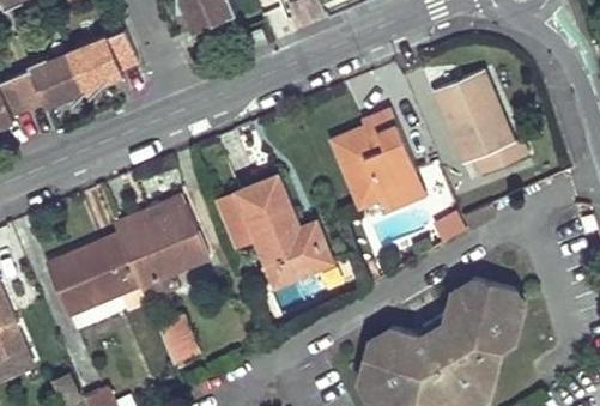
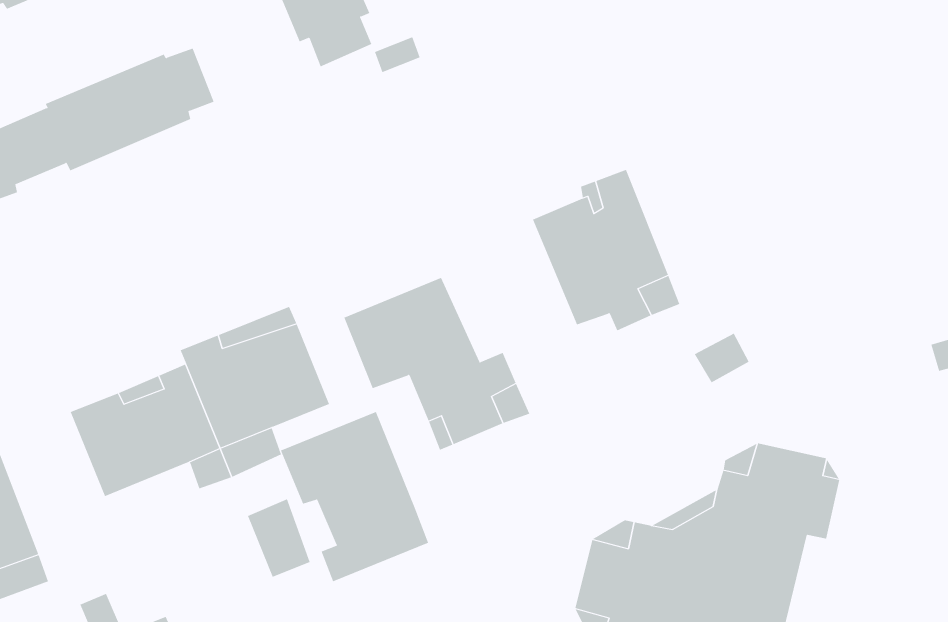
building: [437,69,531,175] -> none
building: none -> [280,411,429,582]

